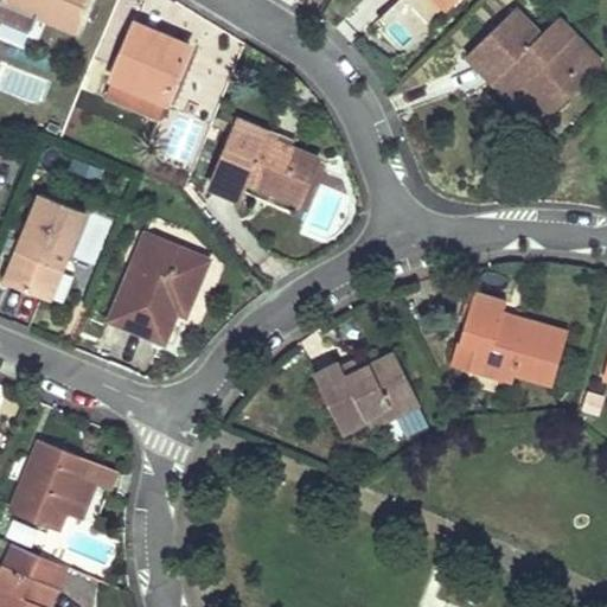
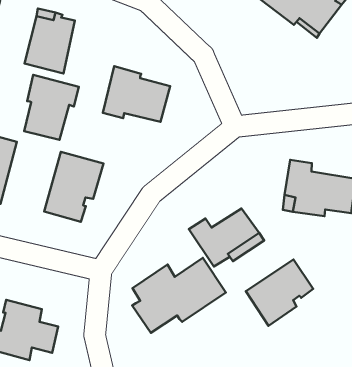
building: none -> [24,75,79,140]
building: none -> [132,258,226,333]
building: none -> [246,259,313,326]

